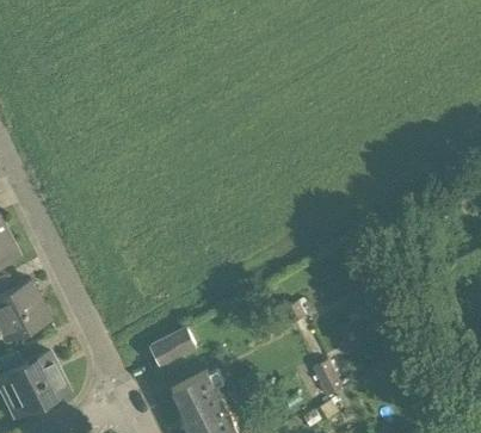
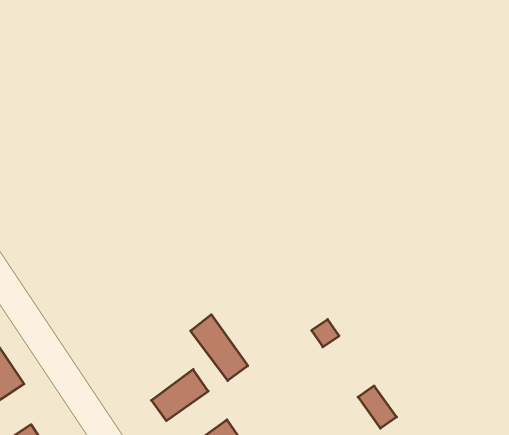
building: none -> [191,315,248,381]

